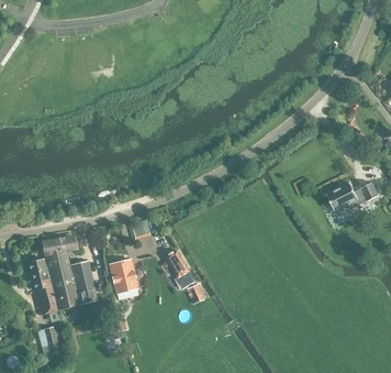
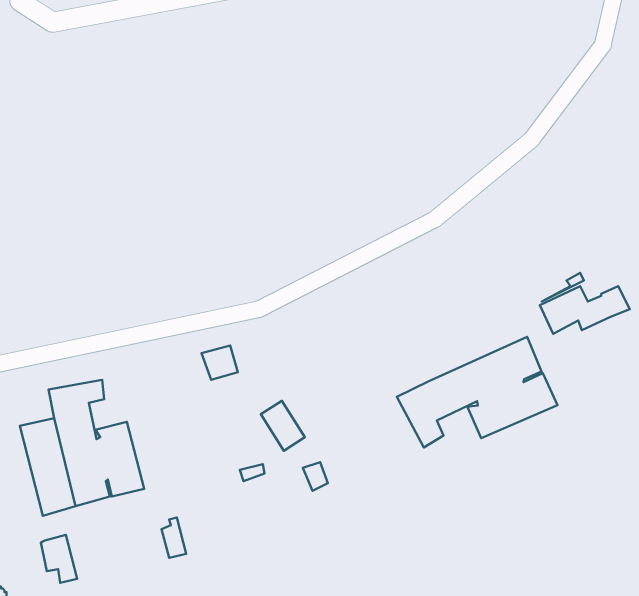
building: none -> [397,337,557,447]
building: [105,260,137,293] -> none

